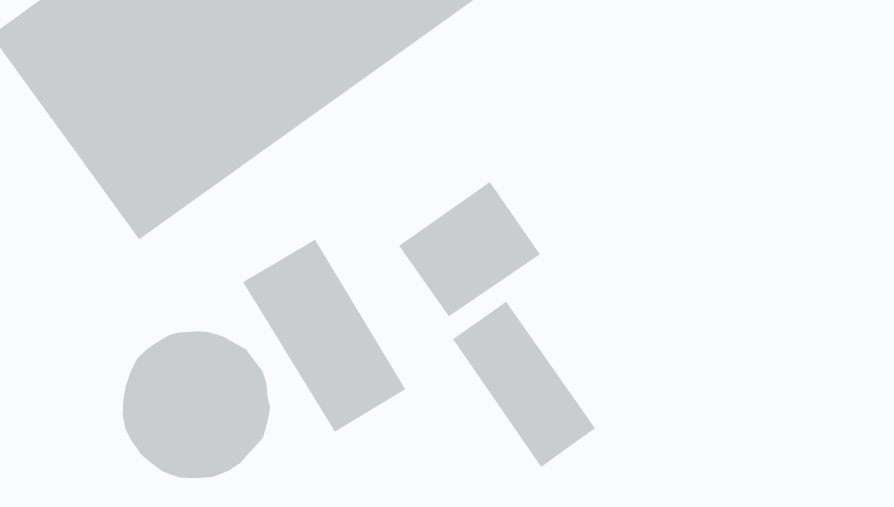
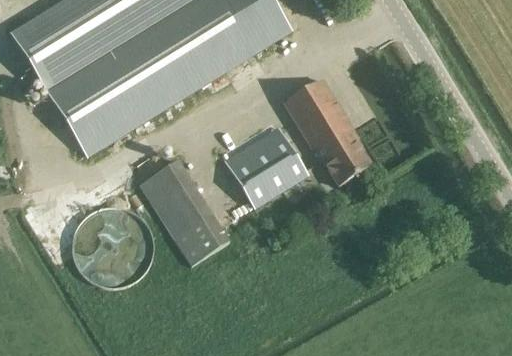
building: none -> [283,77,371,185]
building: [452,301,596,468] -> none

